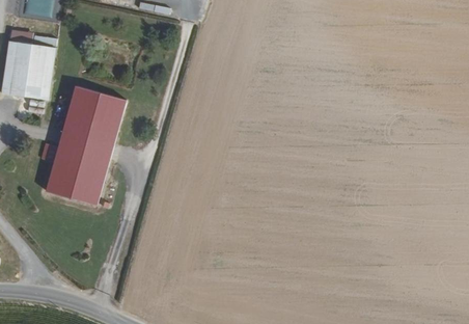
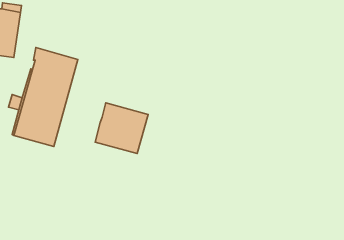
building: none -> [95,103,148,153]

